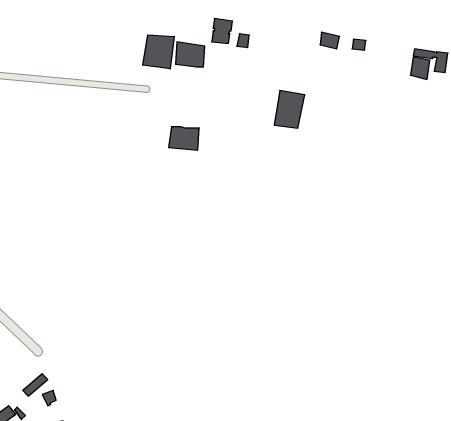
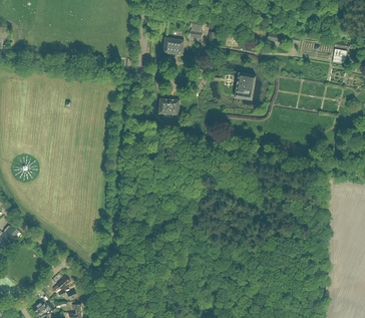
building: [143,35,174,69] -> none

